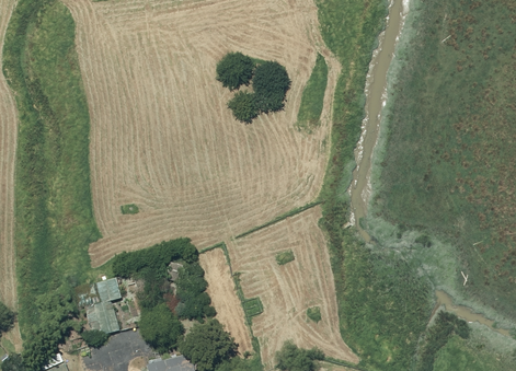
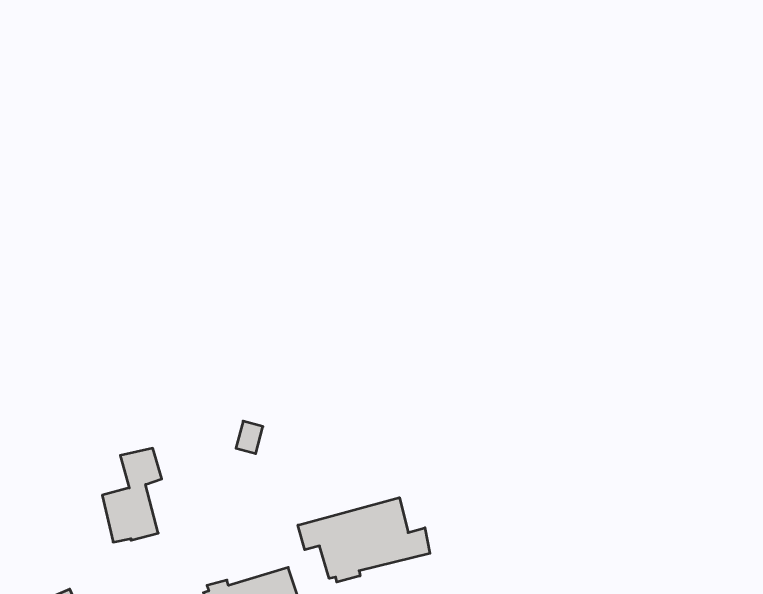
building: none -> [298,498,430,582]

